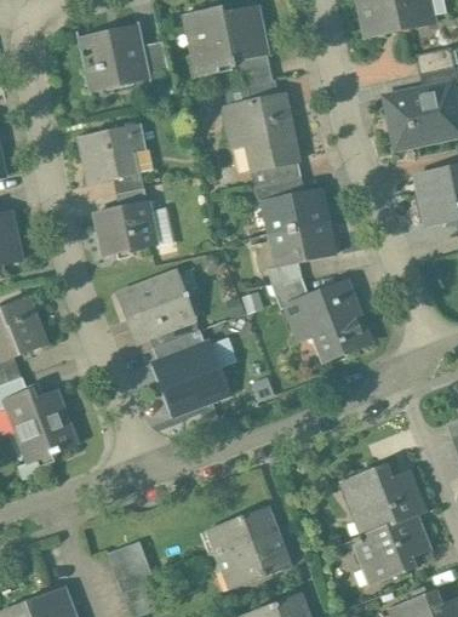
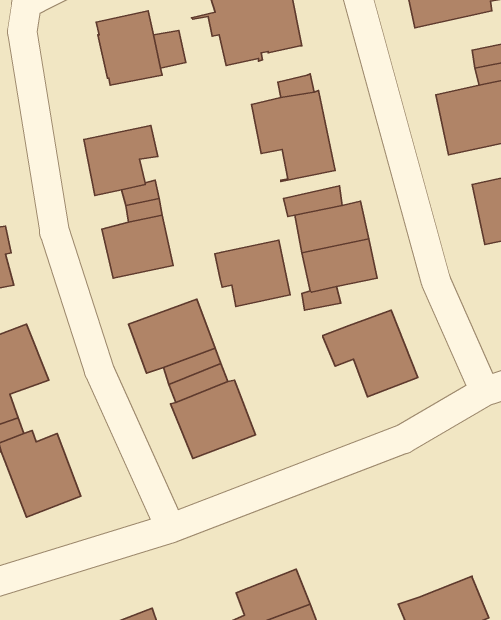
building: [239,55,273,86] -> none
building: none -> [215,240,290,306]
building: [270,278,309,309] -> none
building: [340,464,425,532] -> none

